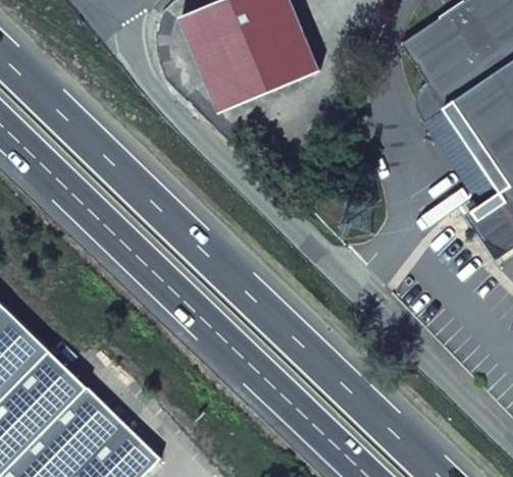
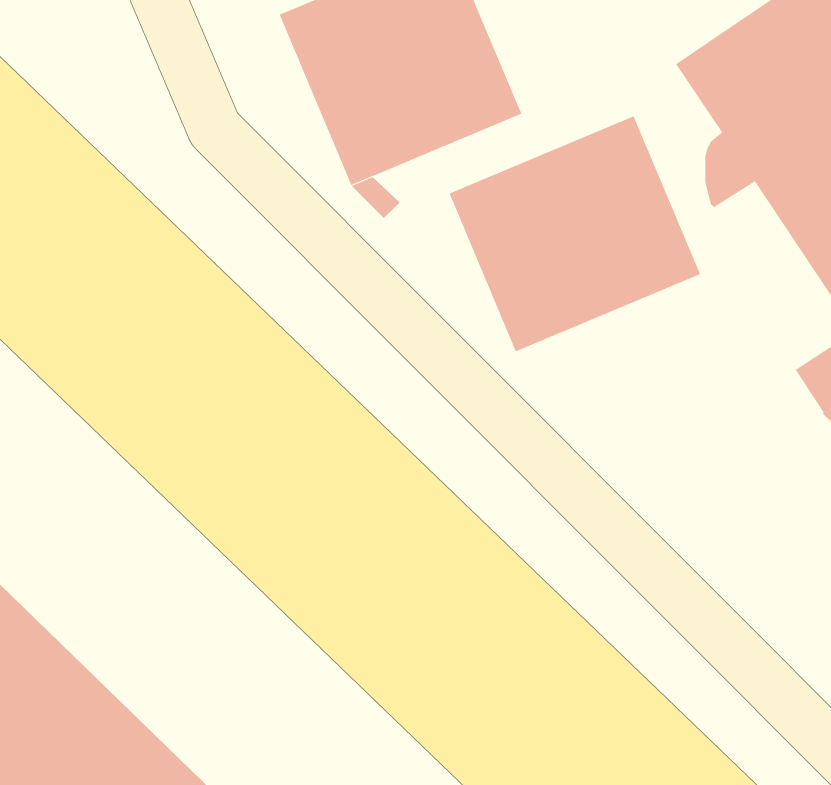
building: none -> [449,116,701,352]

